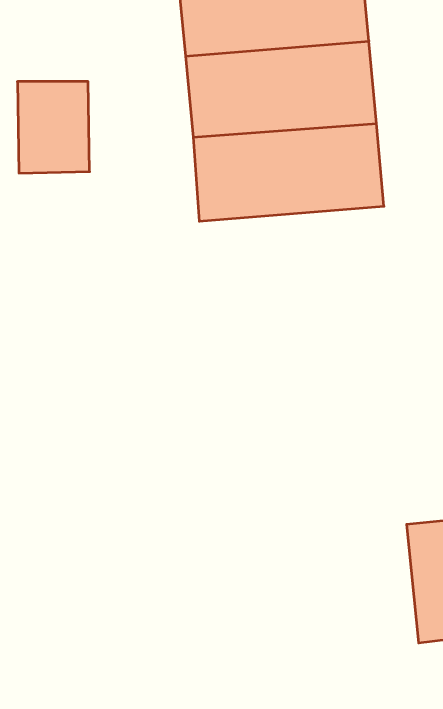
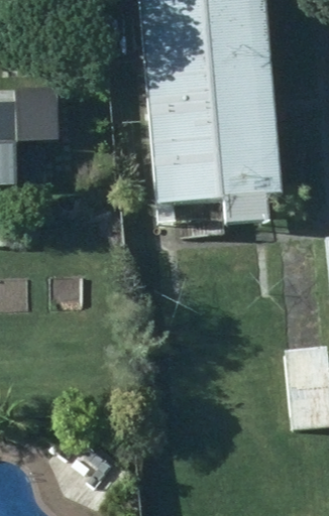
building: none -> [149,139,278,205]

